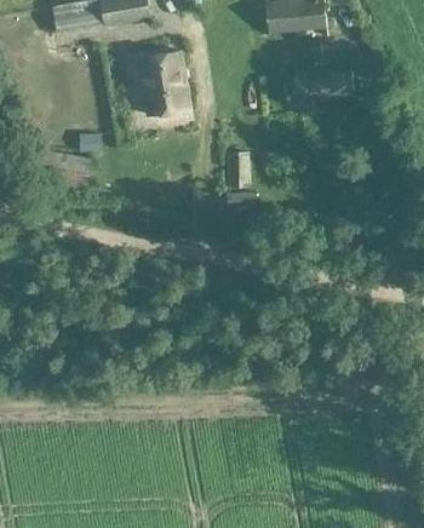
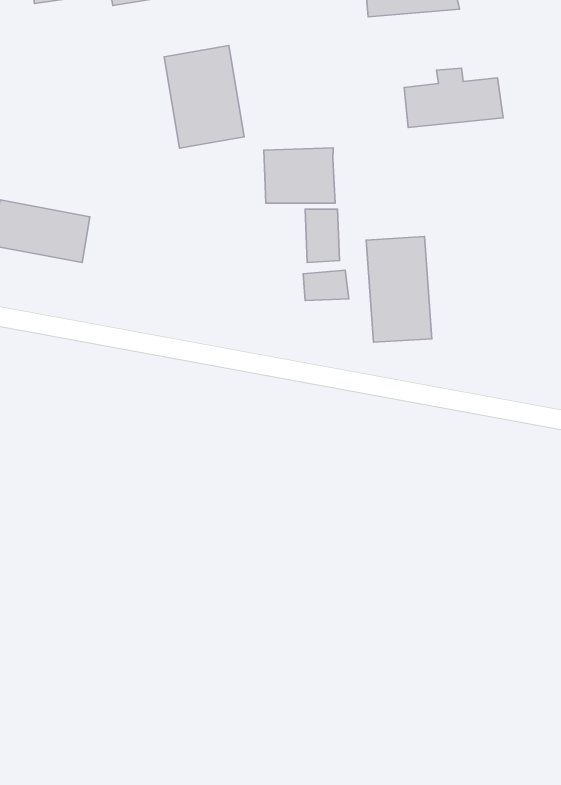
building: none -> [264,148,335,203]
building: none -> [366,237,432,342]

